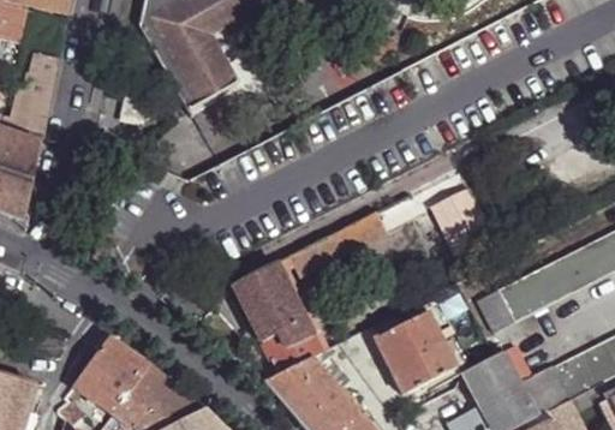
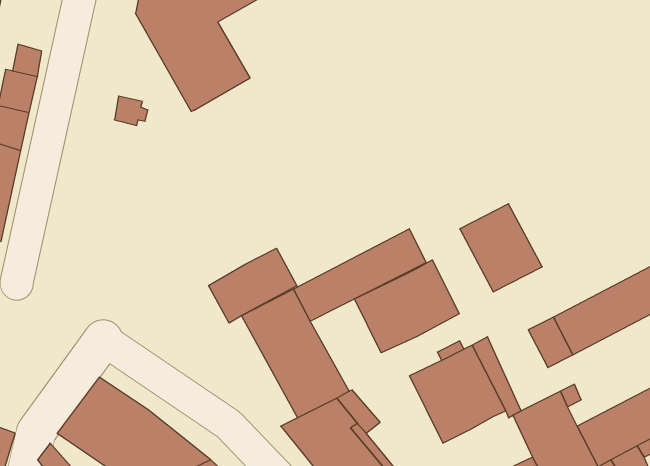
building: none -> [209,248,297,323]
building: none -> [354,260,459,353]

